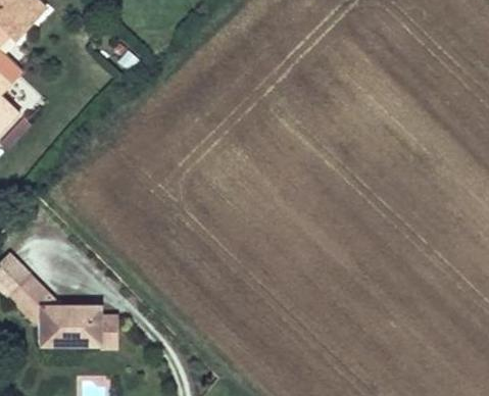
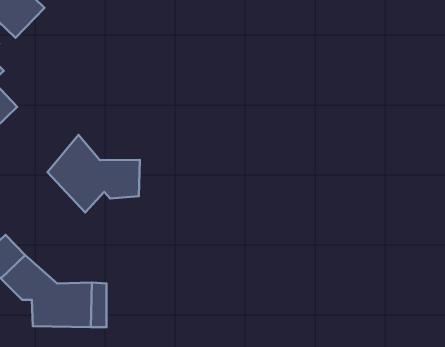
building: none -> [48,135,140,213]

